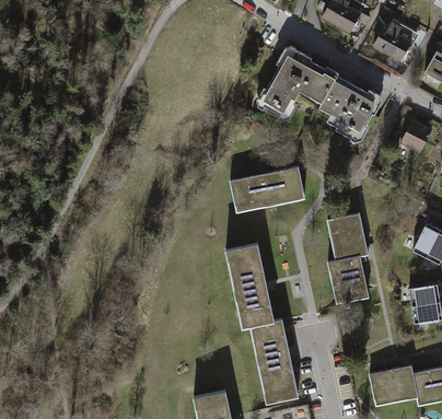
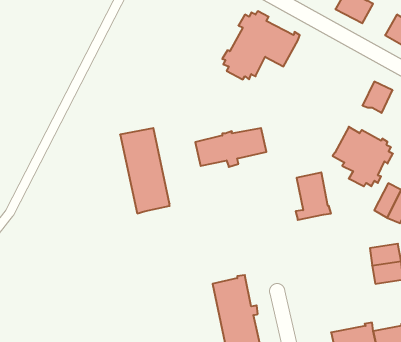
building: [318,80,380,140] -> [333,127,393,186]
building: [223,242,274,328] -> [120,128,170,213]
building: [327,256,368,302] -> none

